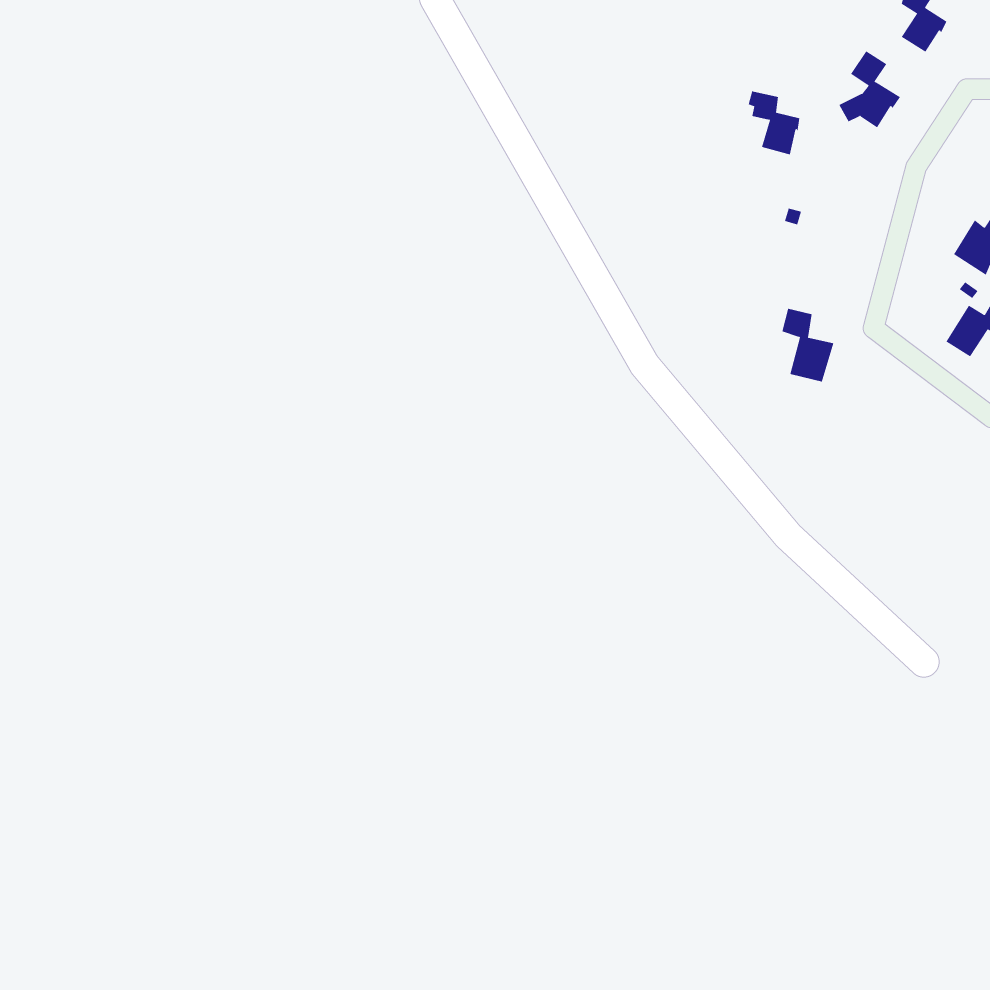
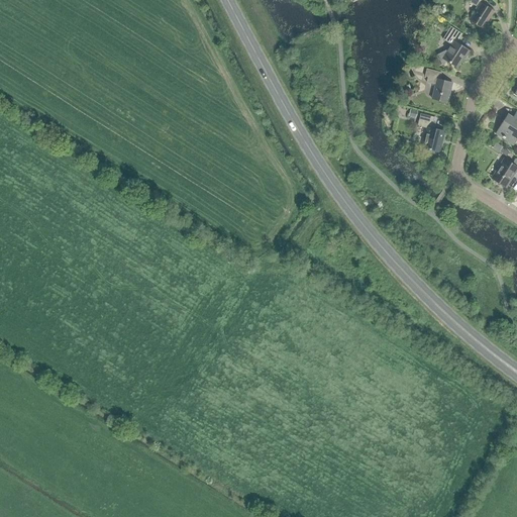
building: [748,91,800,155] -> [425,69,452,102]
building: [782,308,834,382] -> [418,113,445,151]

